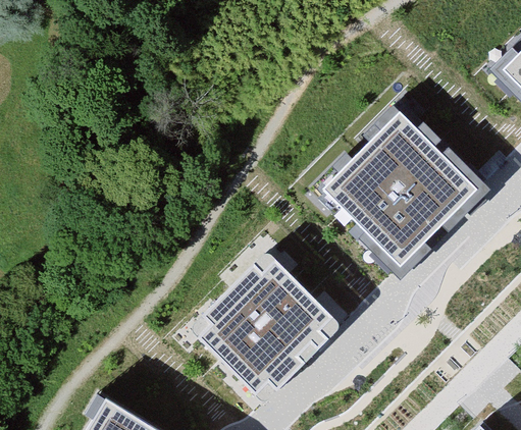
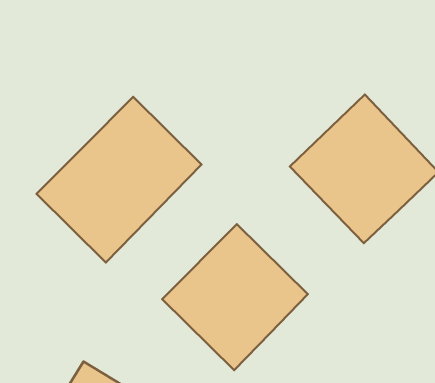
building: none -> [37,97,202,262]

